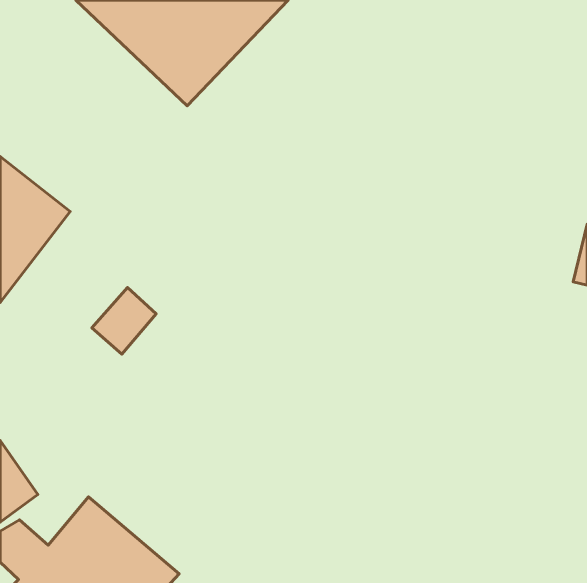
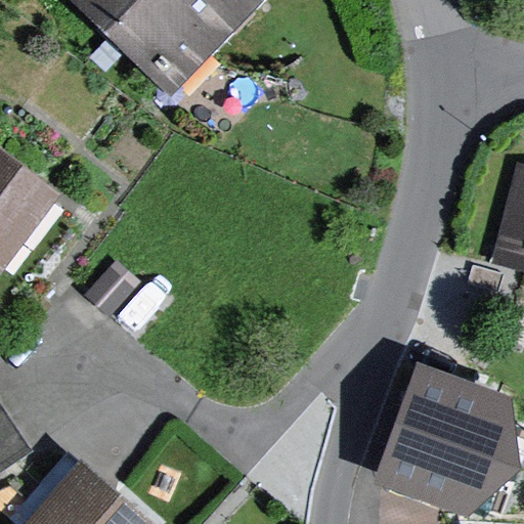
building: none -> [378,370,496,504]

